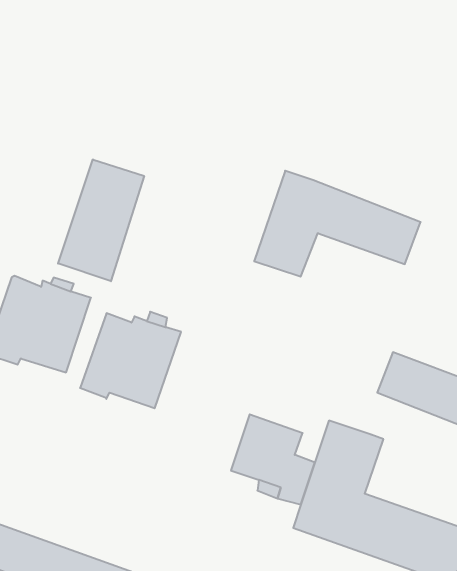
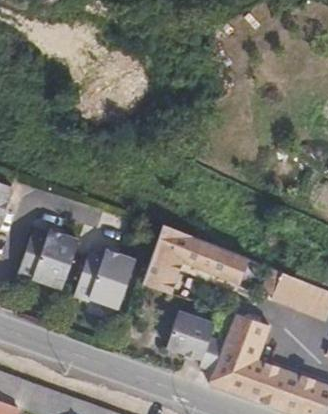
building: [58,159,144,281] -> none
building: [254,171,421,277] -> [142,225,249,293]

